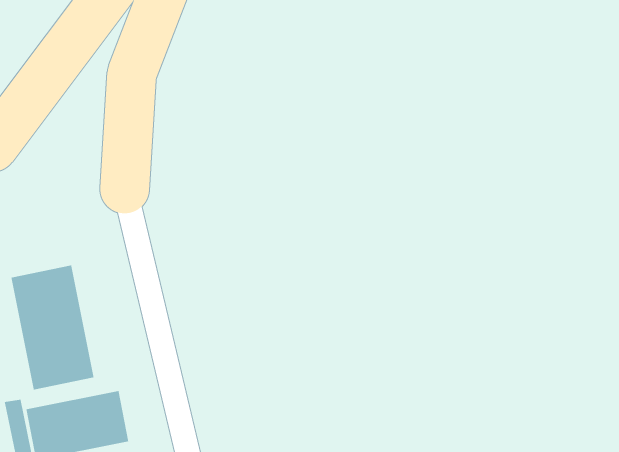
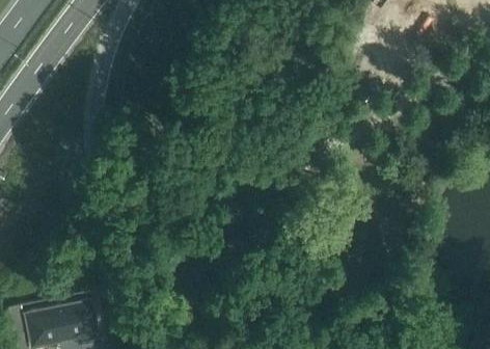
building: [10,265,94,390] -> none

